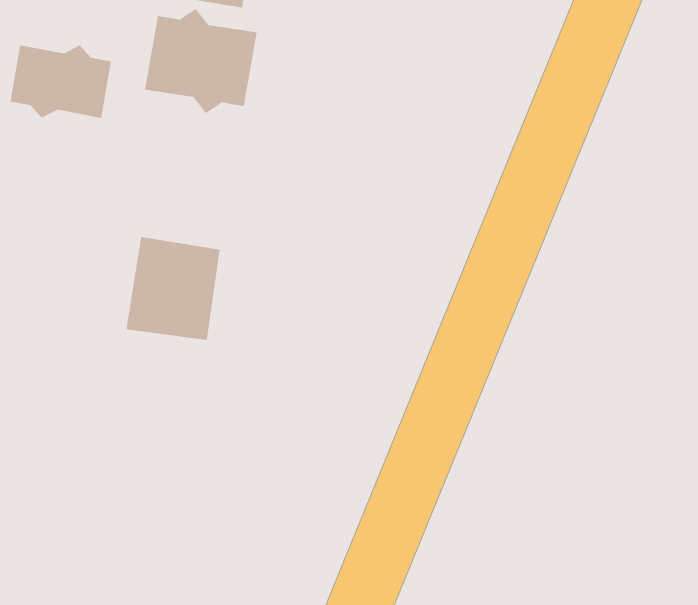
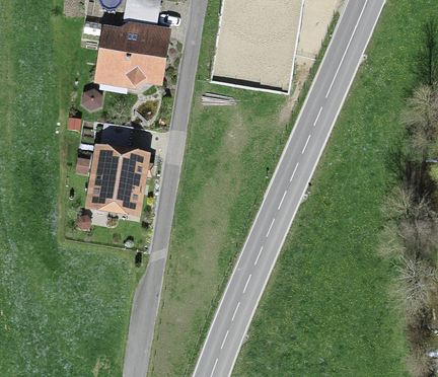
building: [10,44,111,119] -> none

